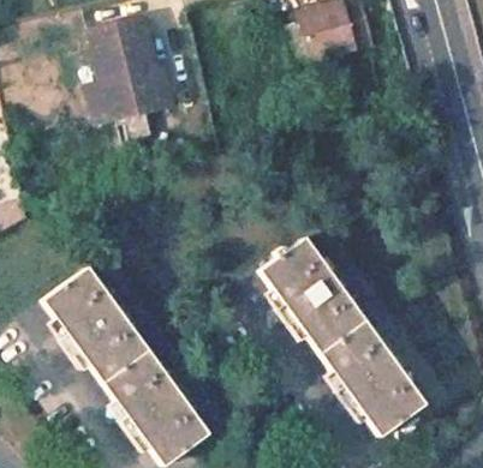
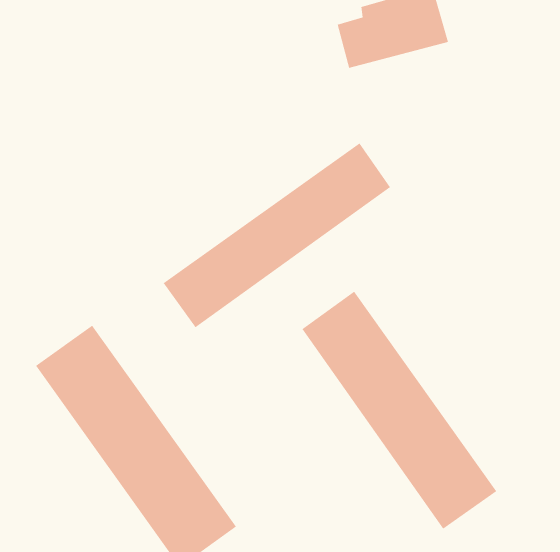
building: [89,19,172,124] -> none
building: none -> [163,143,391,328]

